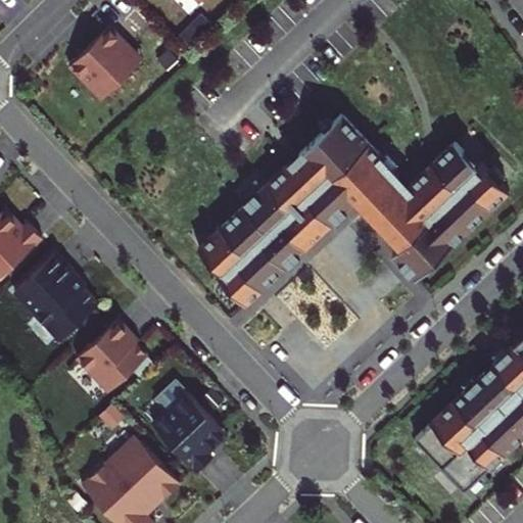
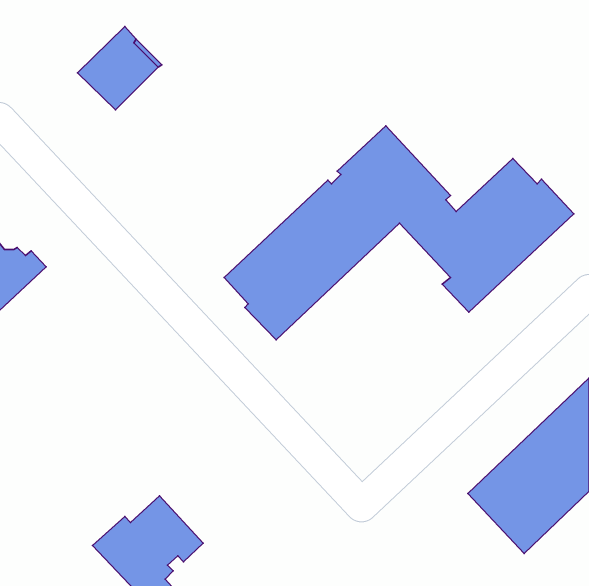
building: [13,255,97,343] -> none
building: [76,322,146,394] -> none
building: [151,392,220,473] -> none

